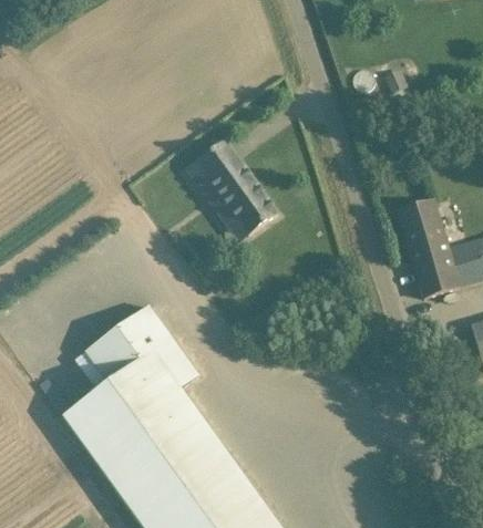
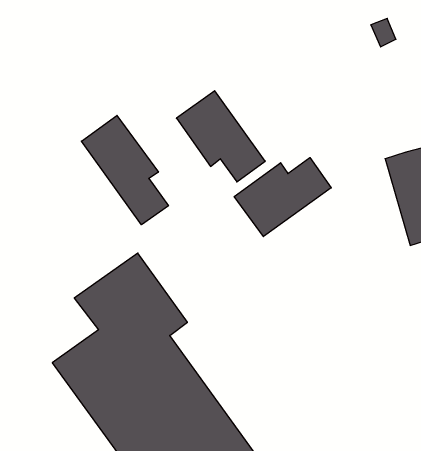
building: none -> [81,115,168,225]
building: none -> [234,158,331,237]

